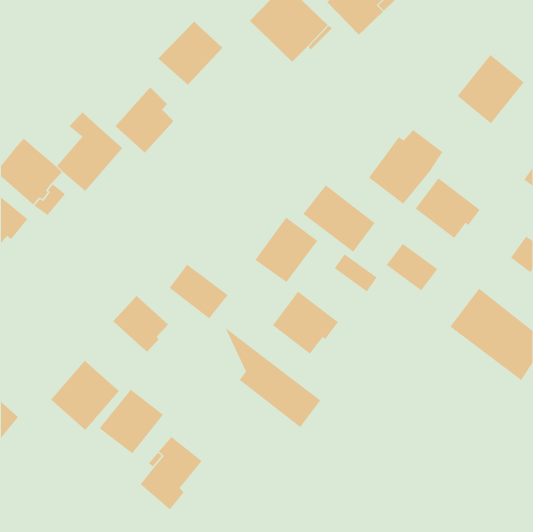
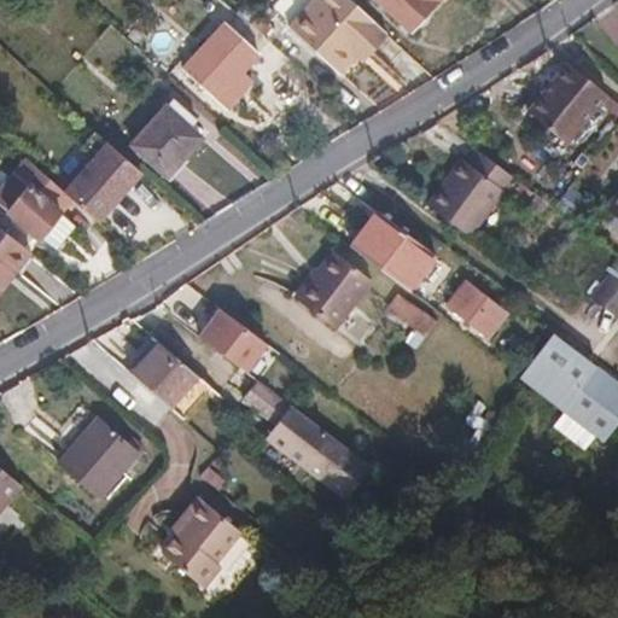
building: [415,178,480,239] -> none
building: [272,291,339,355] -> none
building: [99,389,164,454] -> none

